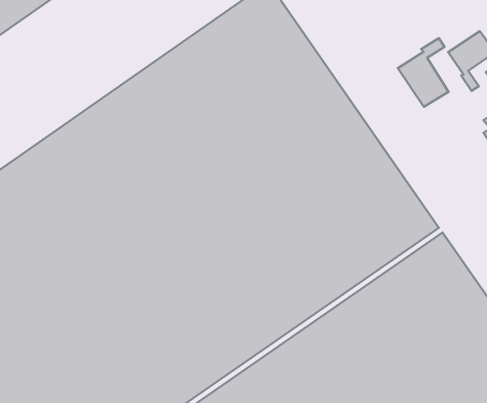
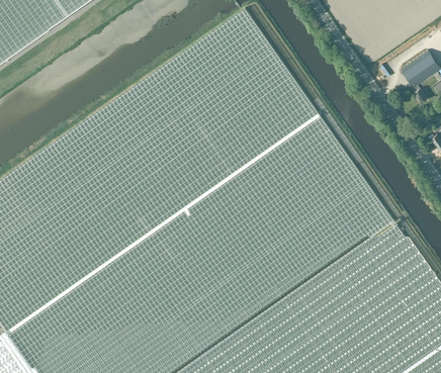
building: [398,38,449,107] -> none

